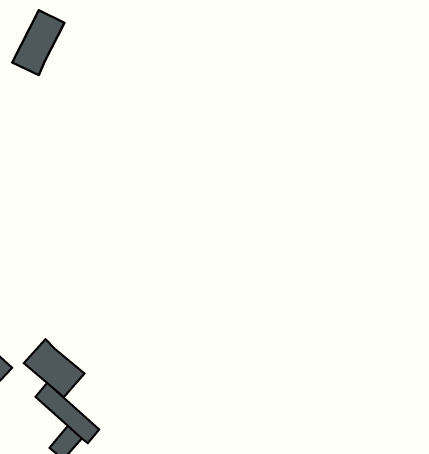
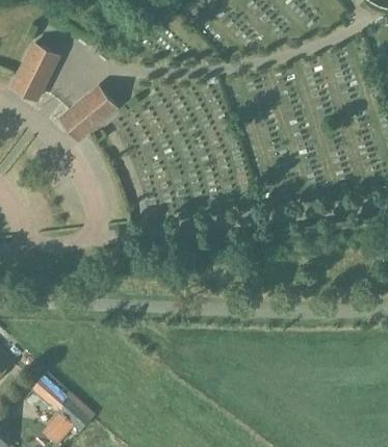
building: none -> [61,86,117,139]
building: [24,339,84,397] -> none

